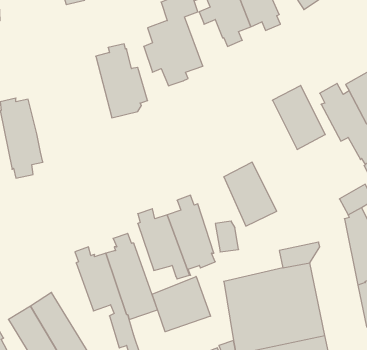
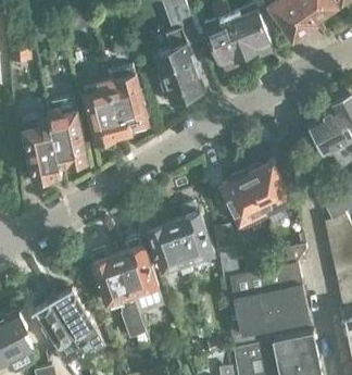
building: none -> [83,80,122,147]
building: none -> [47,101,86,172]
building: [272,85,325,149] -> [246,161,292,217]
building: [152,276,211,332] -> none

